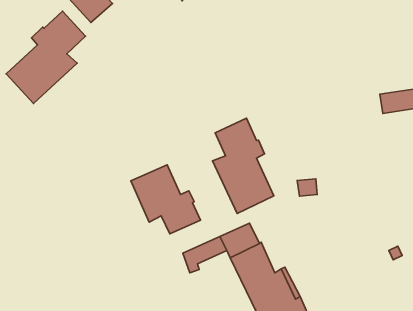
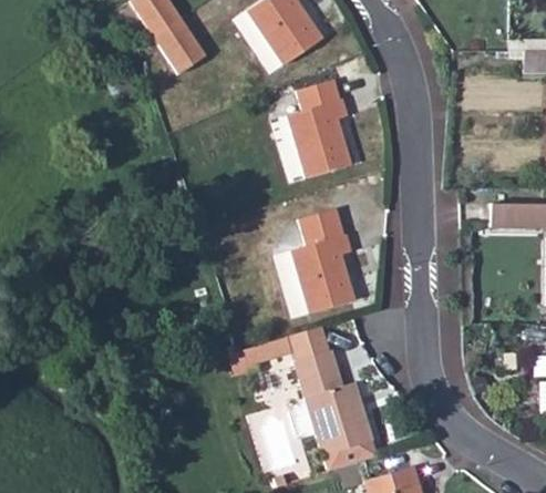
building: none -> [288,80,351,178]
building: [6,11,86,103] -> none
building: [131,165,200,234] -> none

